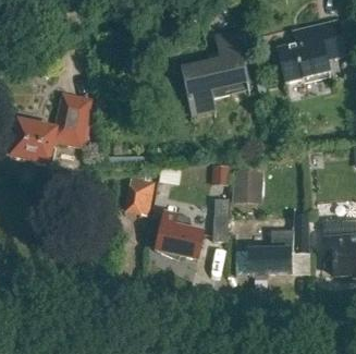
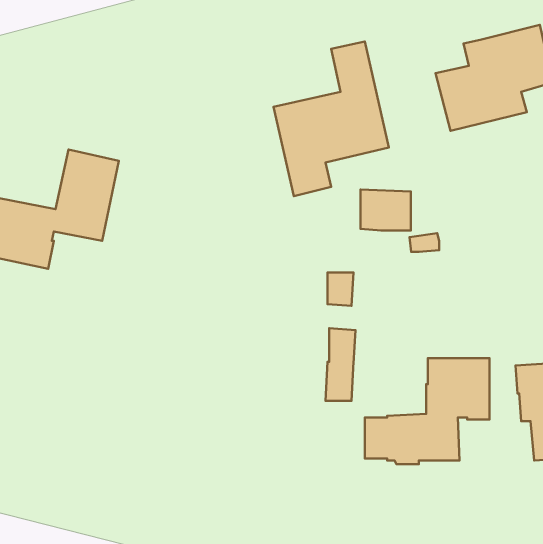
building: [233,169,262,193] -> [361,190,411,231]
building: [123,176,155,212] -> none
building: [155,210,204,258] -> none

